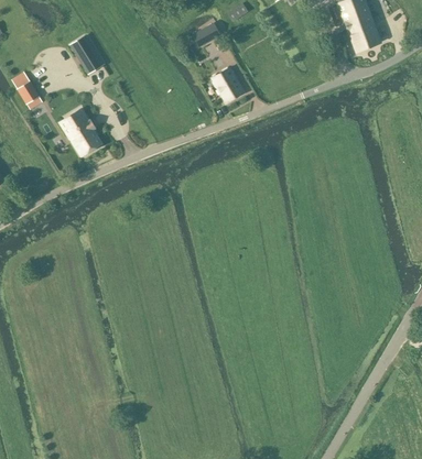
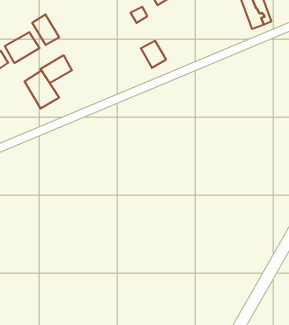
building: none -> [5,32,39,63]
building: none -> [41,55,72,83]

